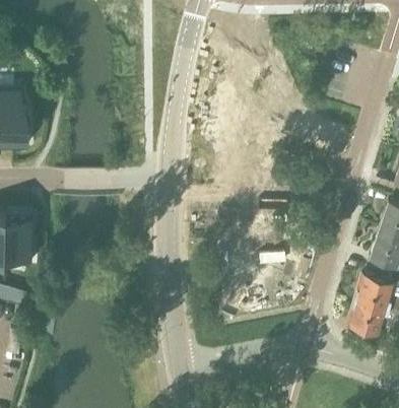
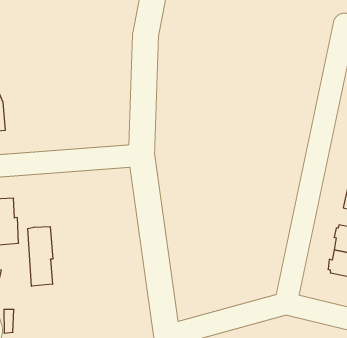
building: none -> [28,227,53,286]

